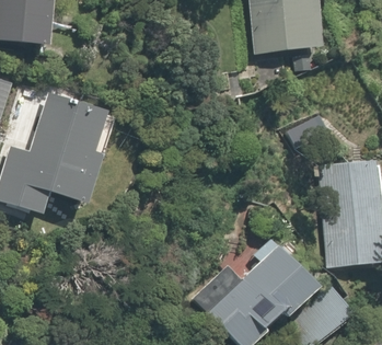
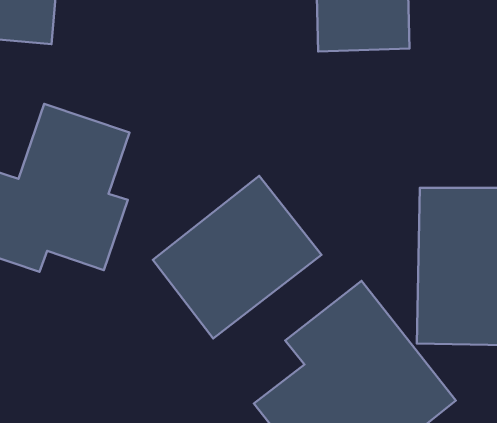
building: none -> [153,176,321,338]

